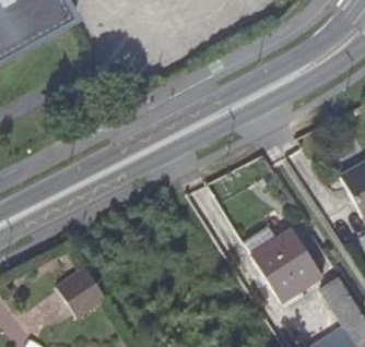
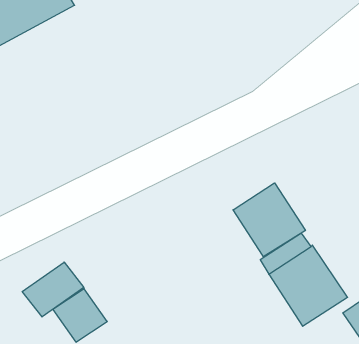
building: none -> [233,183,305,257]
building: none -> [22,262,84,317]

